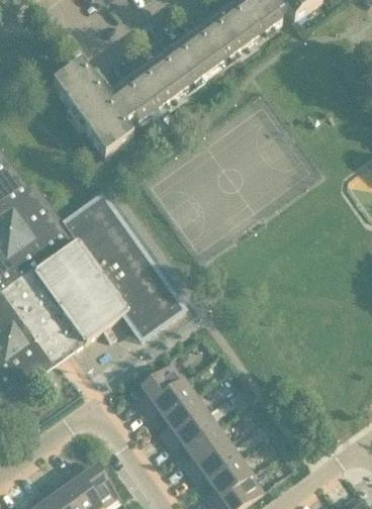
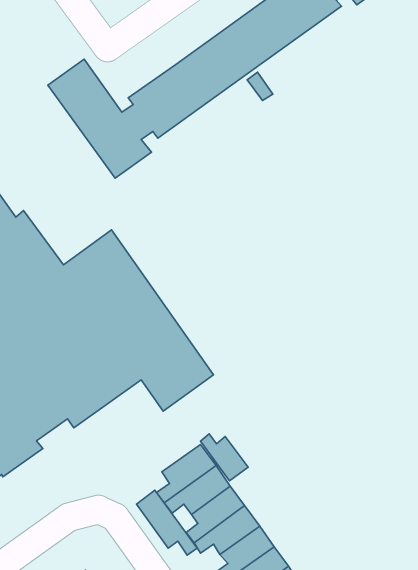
building: none -> [201,434,248,481]
building: none -> [137,490,197,555]

